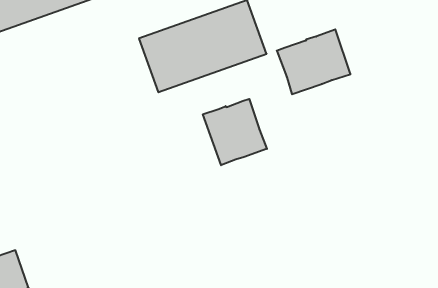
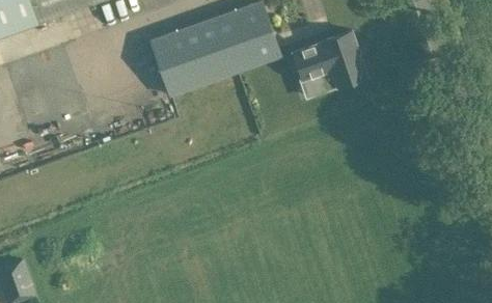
building: [203,99,267,165] -> none

